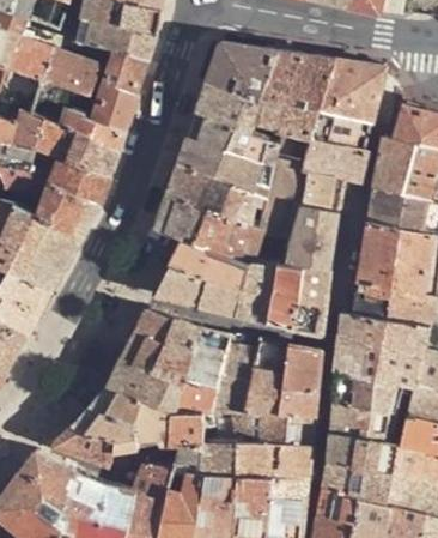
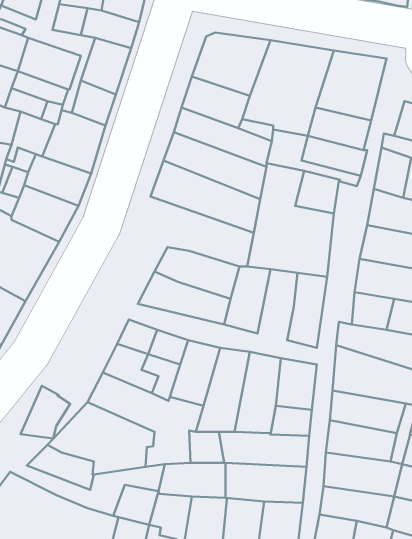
building: [154,194,261,259] -> none
building: [264,261,302,327] -> none
building: none -> [20,386,70,439]

